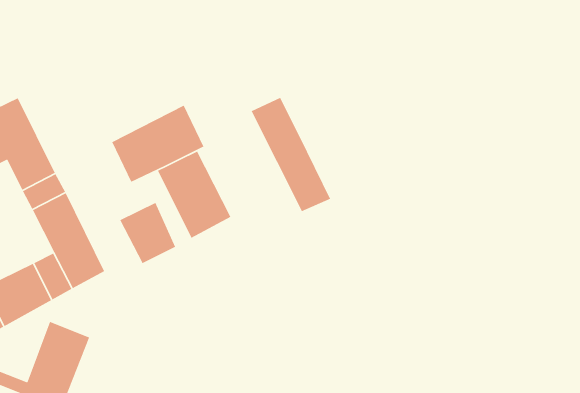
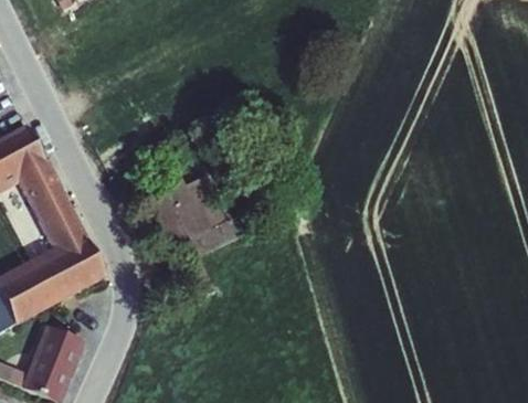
building: [250,97,331,212] -> none
building: [111,105,205,183] -> none
building: [119,202,176,264] -> none

